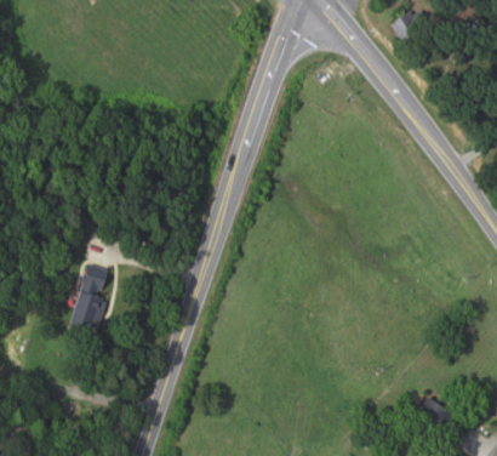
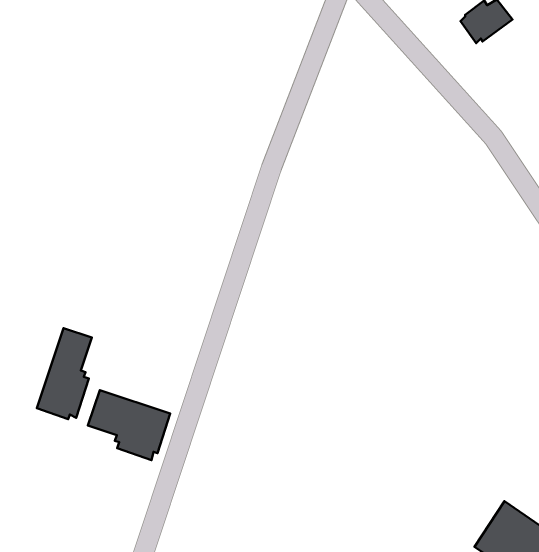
building: none -> [88,390,170,460]

